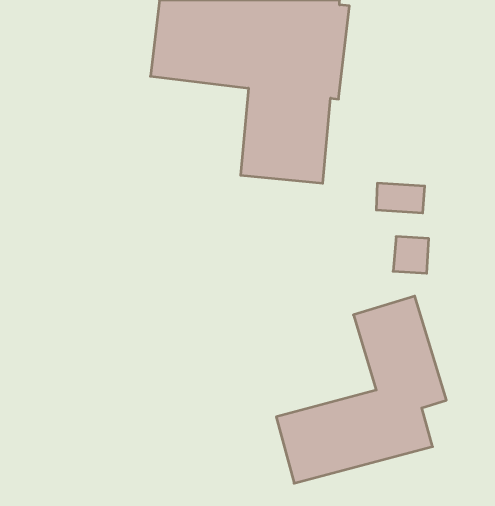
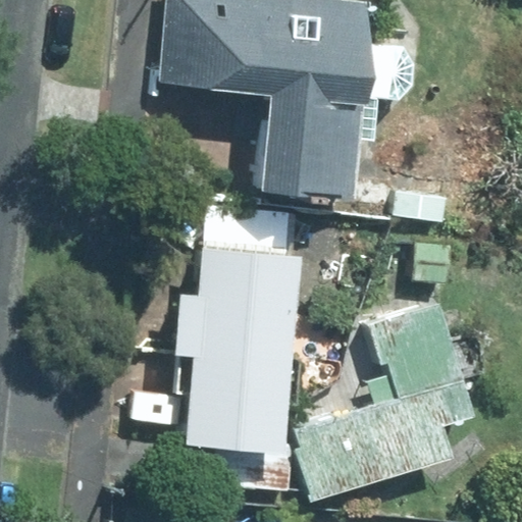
building: none -> [184,247,299,447]

